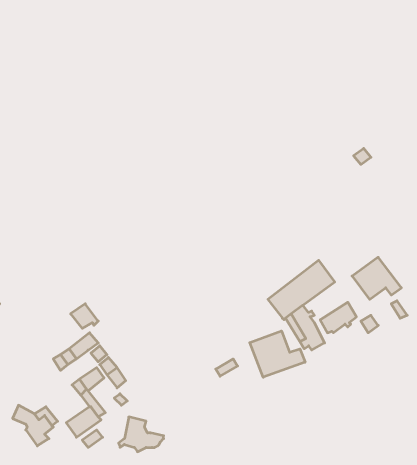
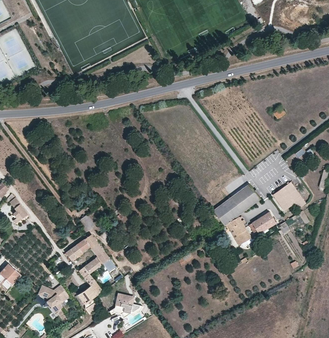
building: [250,331,305,377] -> none

